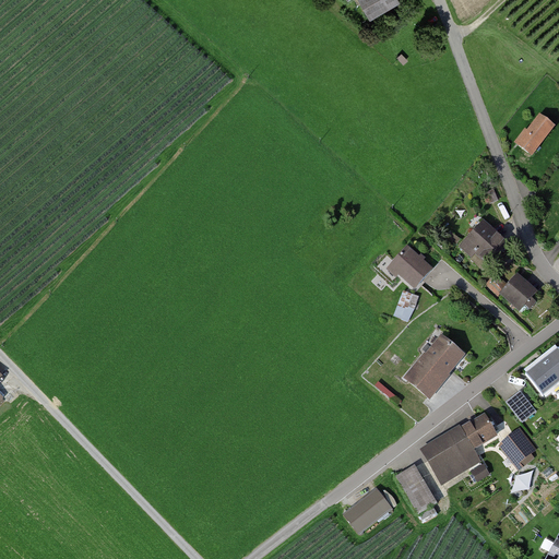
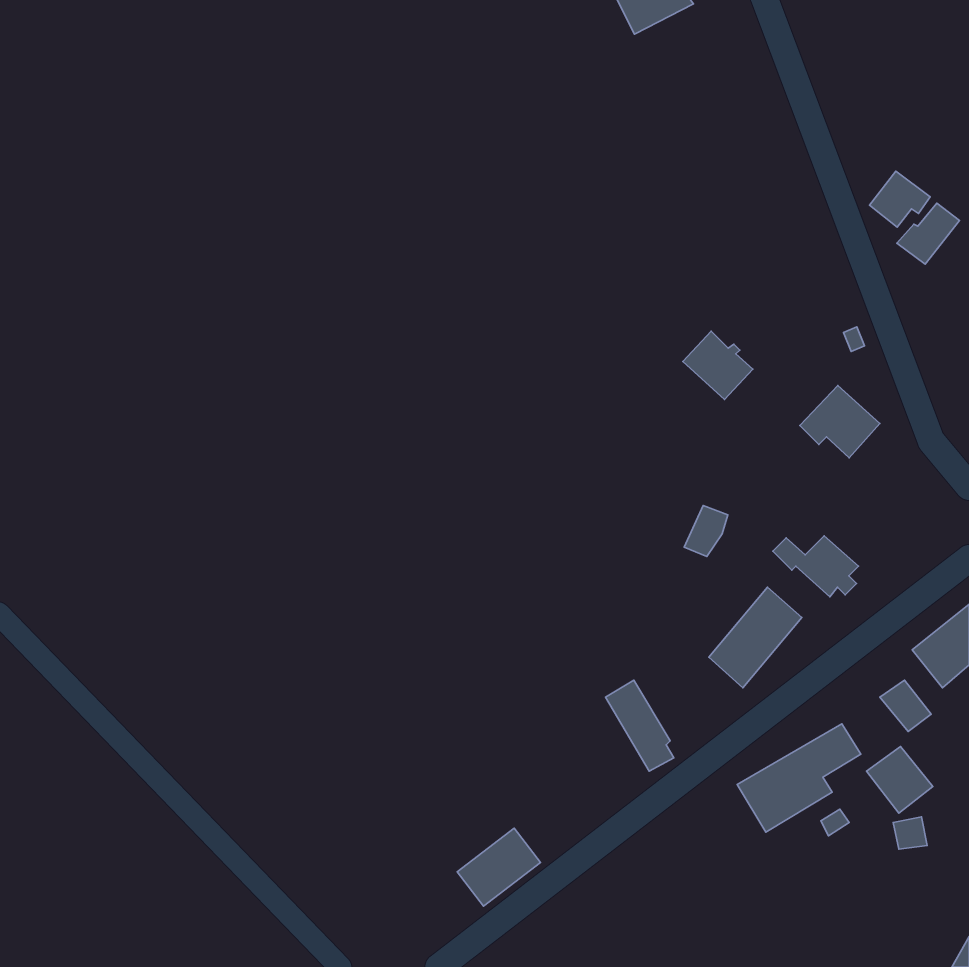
building: none -> [869,171,930,227]
building: [391,247,431,286] -> [683,331,753,399]
building: [487,274,536,309] -> [773,536,858,597]
building: [396,466,436,519] -> [605,680,674,771]
building: [343,488,391,533] -> [457,828,541,906]

